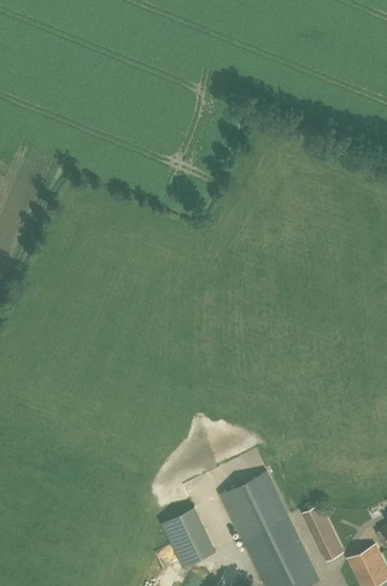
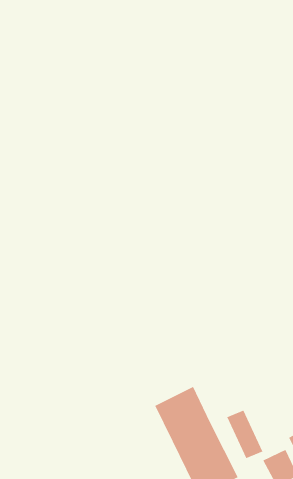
building: [166,505,218,564] -> none

